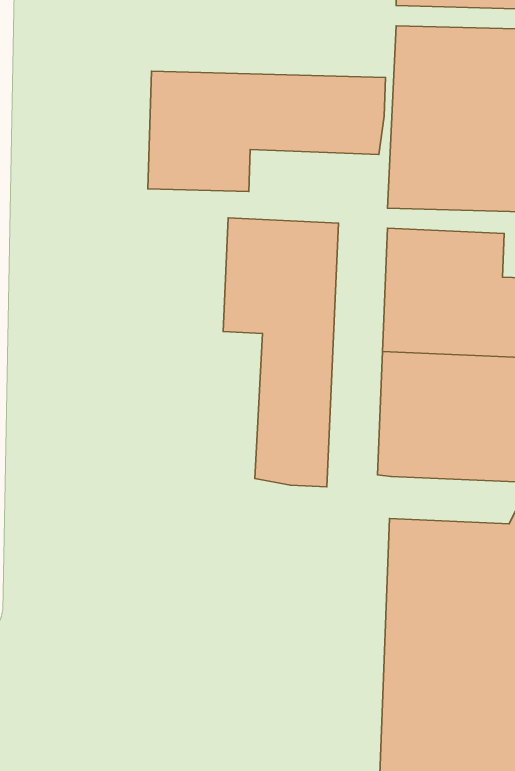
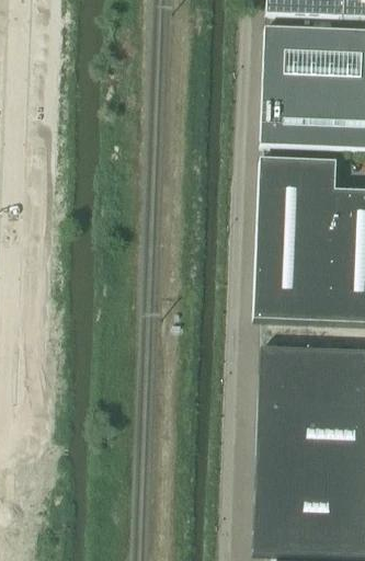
building: [148,71,385,191] -> none
building: [223,218,338,487] -> none

